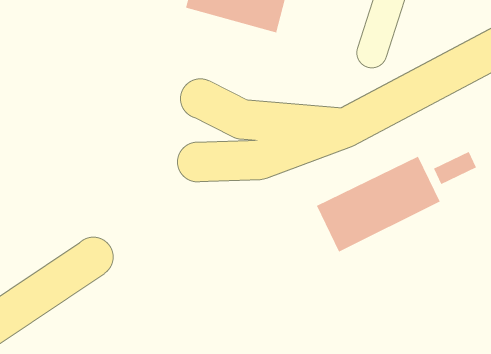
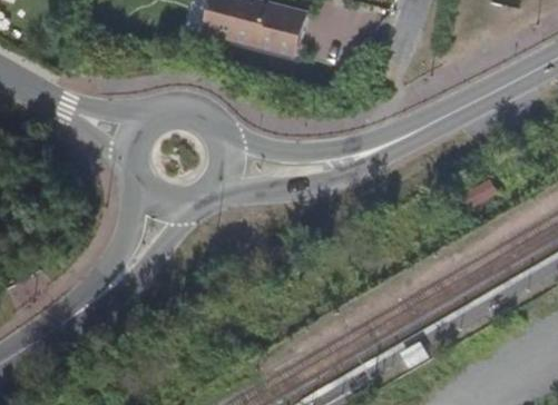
building: [316,156,440,253] -> none

